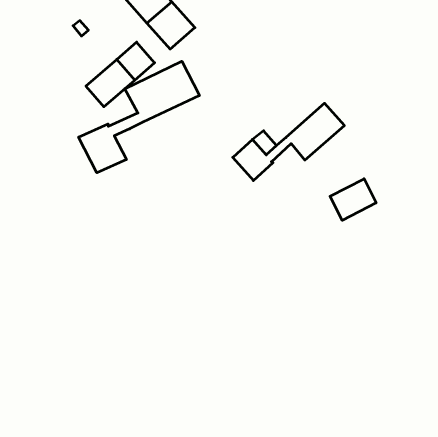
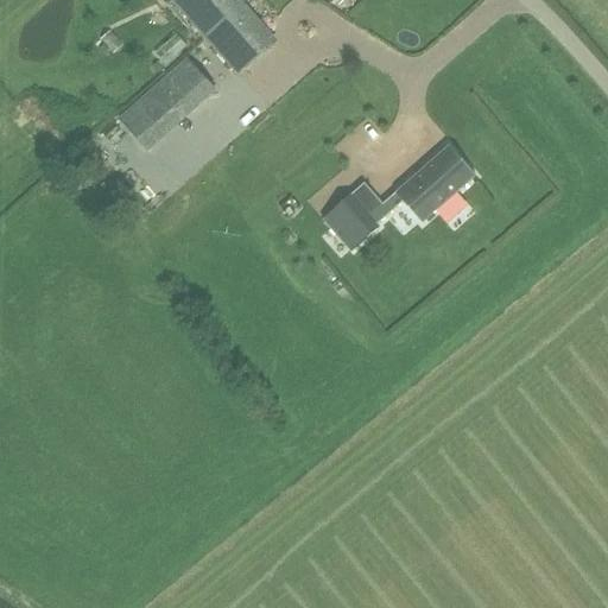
building: [79,61,199,173] -> none
building: [330,179,376,220] -> none

